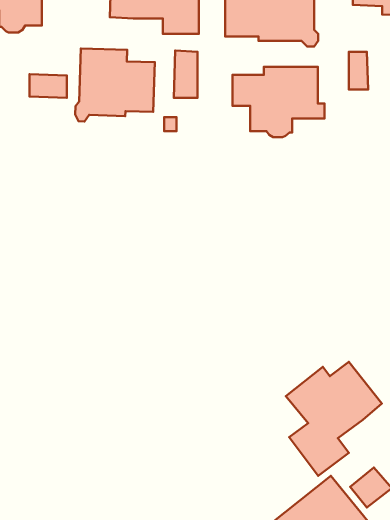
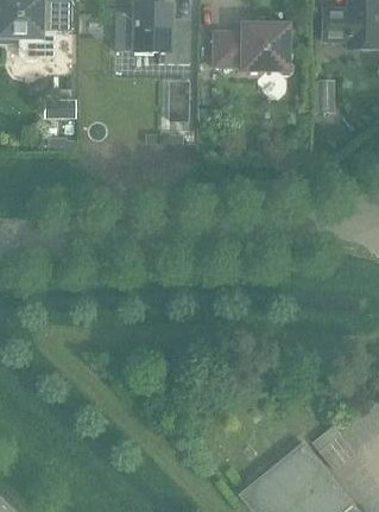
building: [75,49,155,121] -> none
building: [233,67,325,137] -> none
building: [286,362,382,476] -> none

